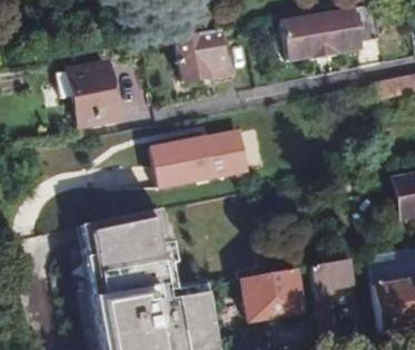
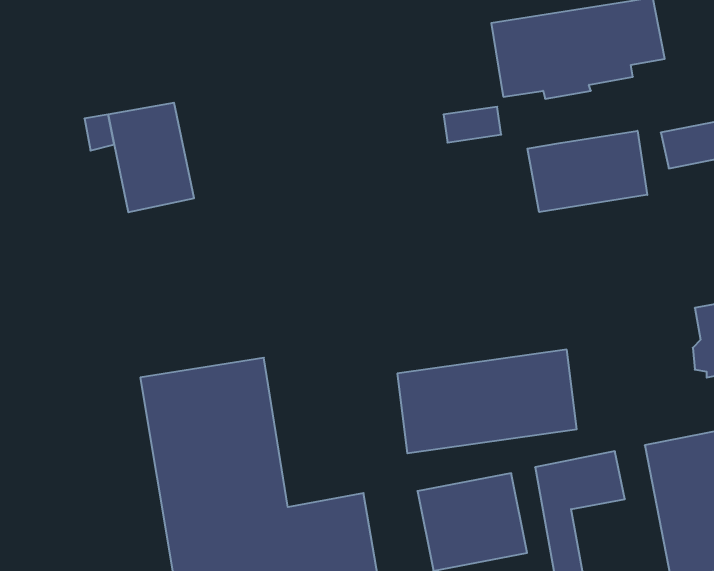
building: [175,30,229,79] -> none
building: none -> [527,131,647,212]
building: [150,132,250,189] -> [397,350,577,453]

